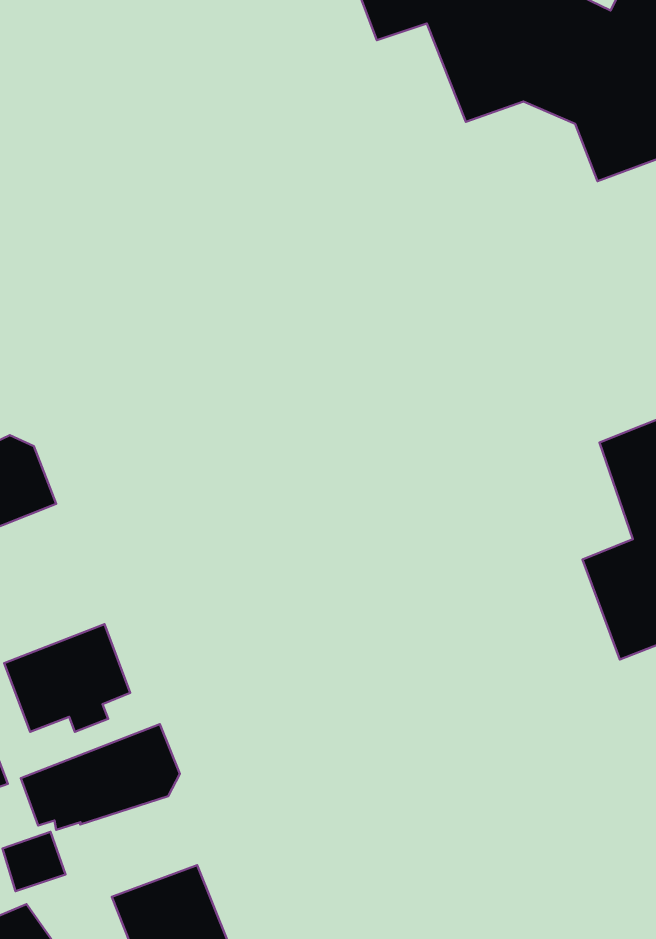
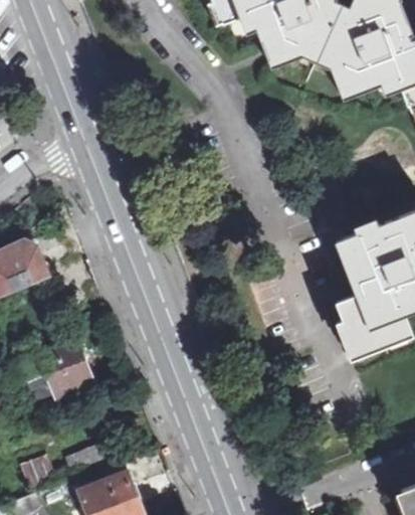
building: [21,724,180,830] -> none

